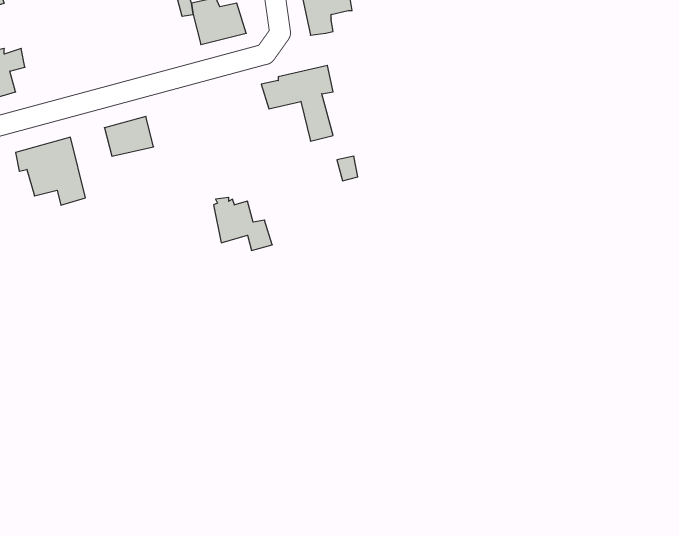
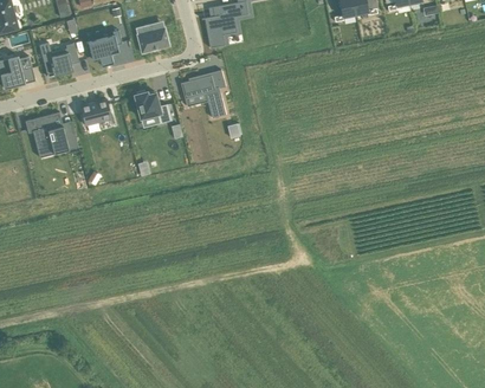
building: none -> [89,32,121,66]
building: none -> [34,34,77,72]
building: [214,197,272,250] -> [135,90,172,123]

